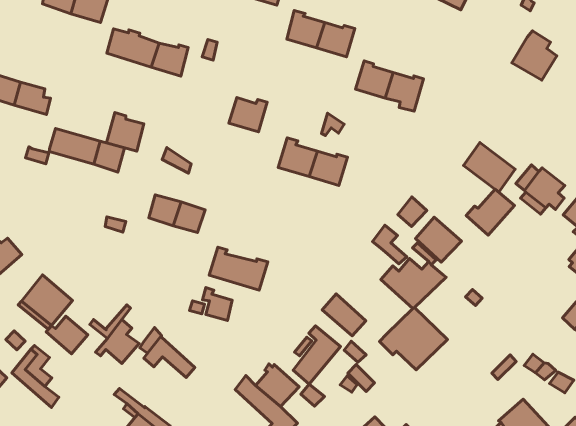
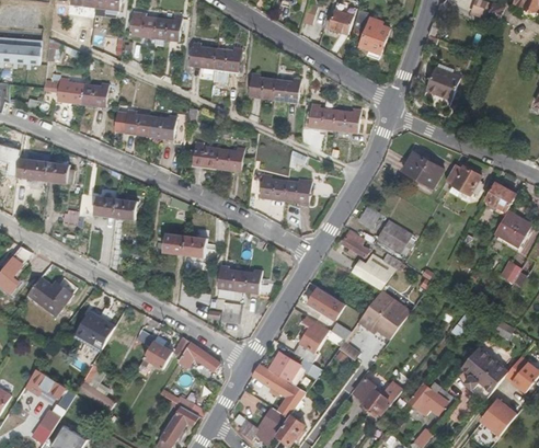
building: none -> [191,141,218,169]
building: [107,113,144,151] -> none
building: [466,189,514,235] -> none
building: [46,316,88,354] -> none

